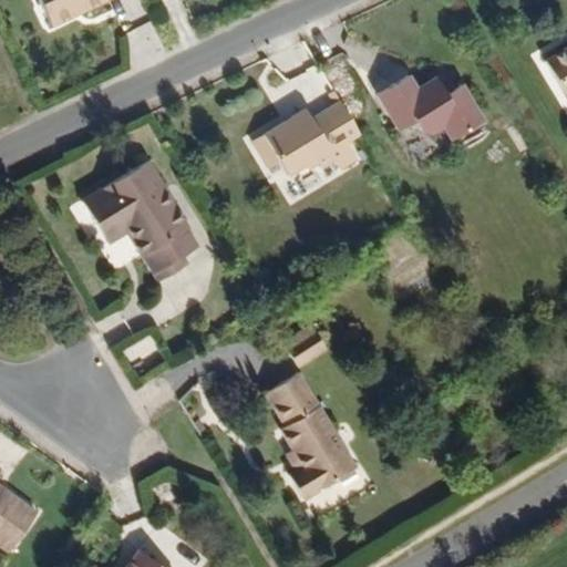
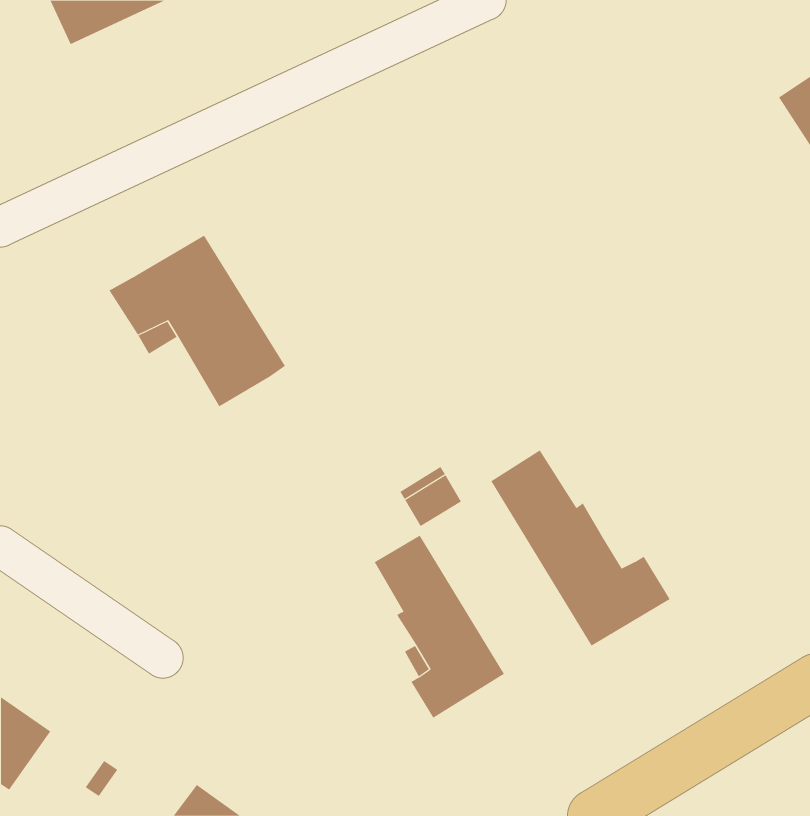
building: [393,71,501,136] -> none
building: [251,104,363,178] -> none
building: none -> [491,450,671,647]

